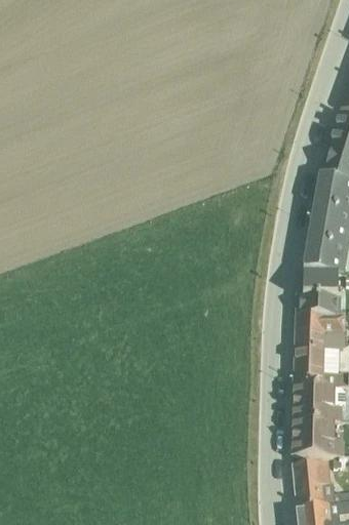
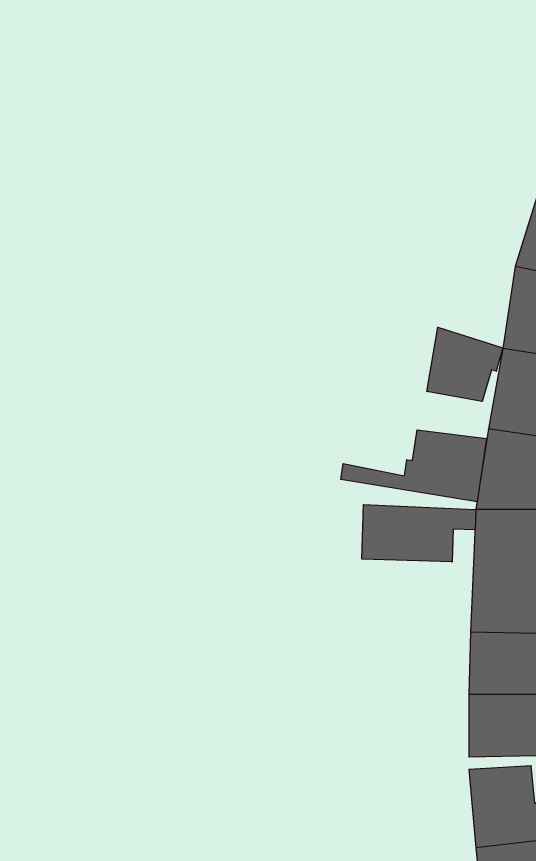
building: none -> [427,327,503,401]
building: none -> [341,430,486,502]
building: none -> [362,505,476,562]

